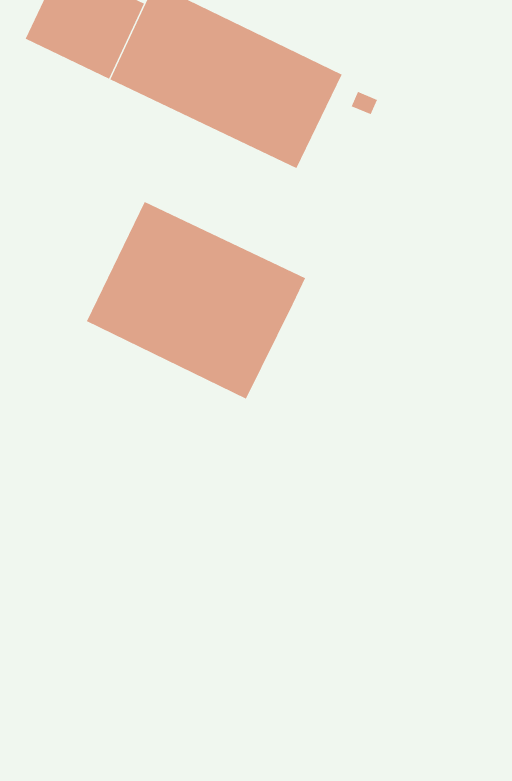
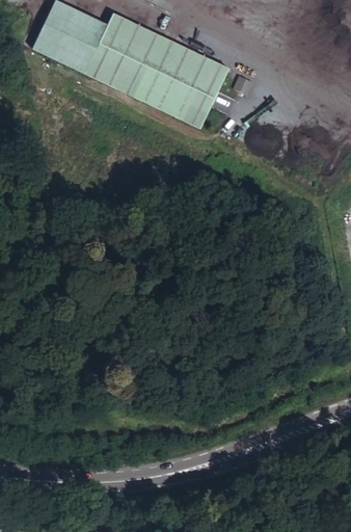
building: [86,201,306,400] -> none

